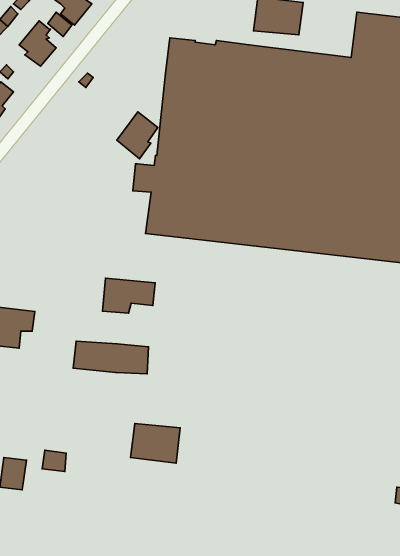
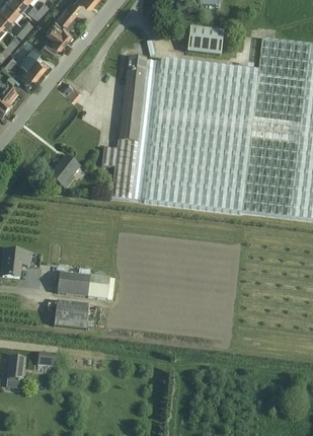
building: [117,112,158,159] -> [51,155,80,189]
building: [103,278,155,313] -> none
building: [131,424,180,463] -> [55,301,90,330]

